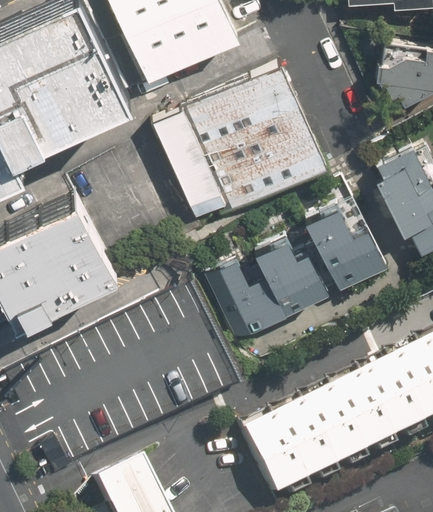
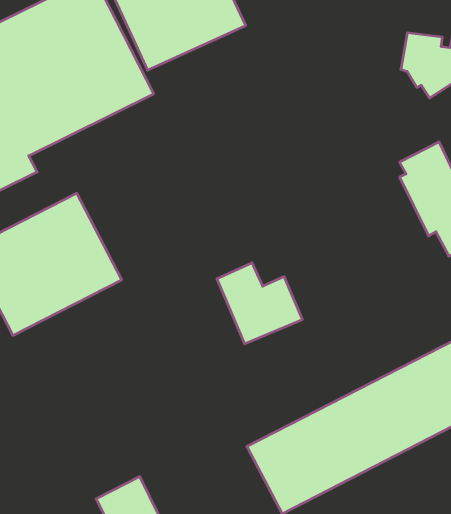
building: [142,68,313,223] -> none
building: [308,206,386,291] -> none
building: [260,239,331,315] -> none

